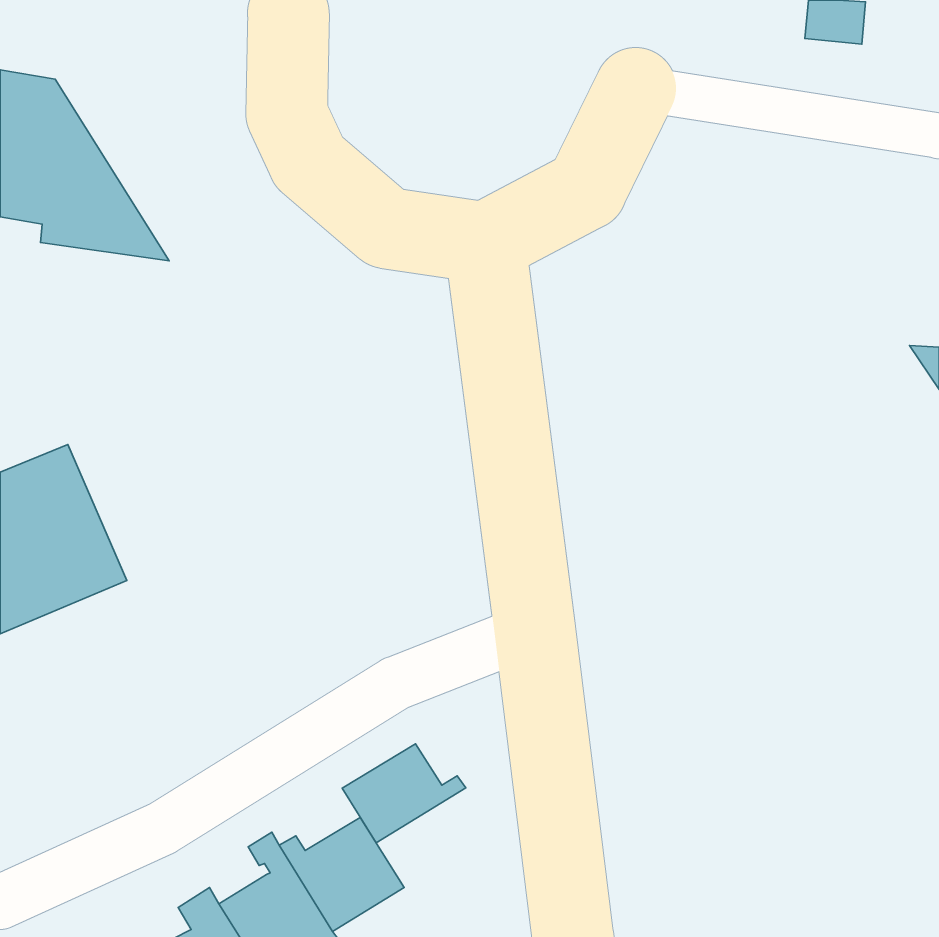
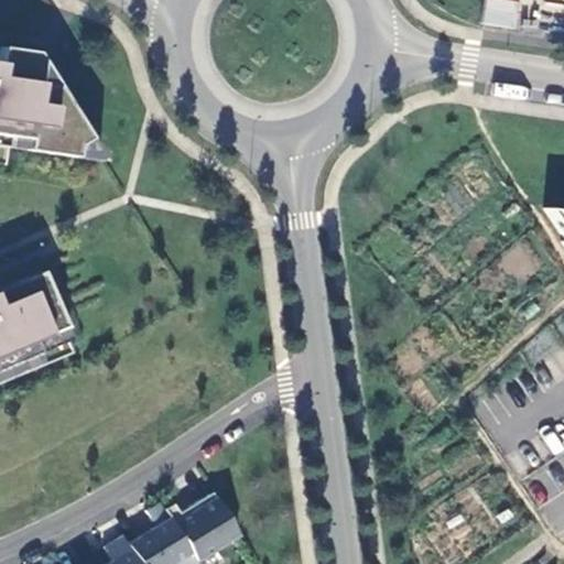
building: [342,744,466,843] -> none

